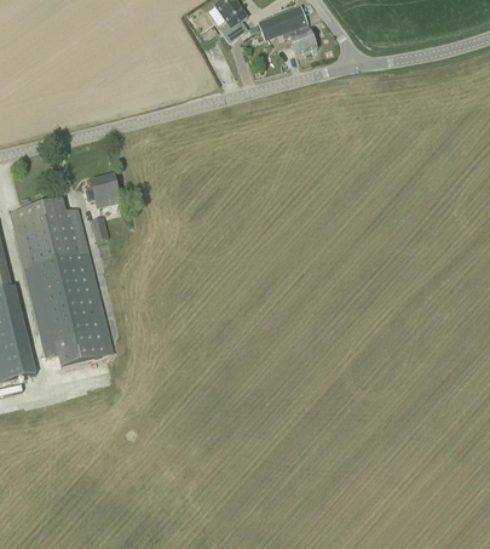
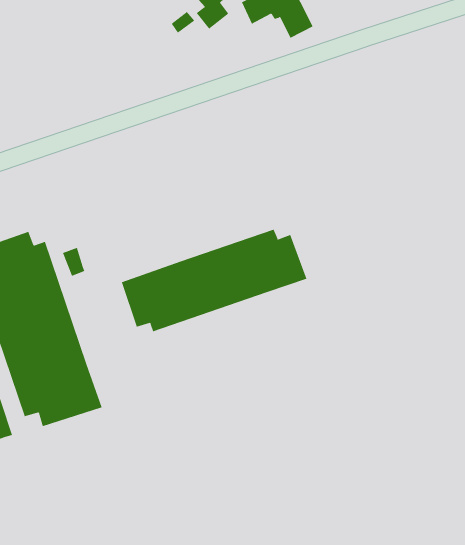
building: [86,173,121,207] -> none
building: none -> [121,229,307,332]

